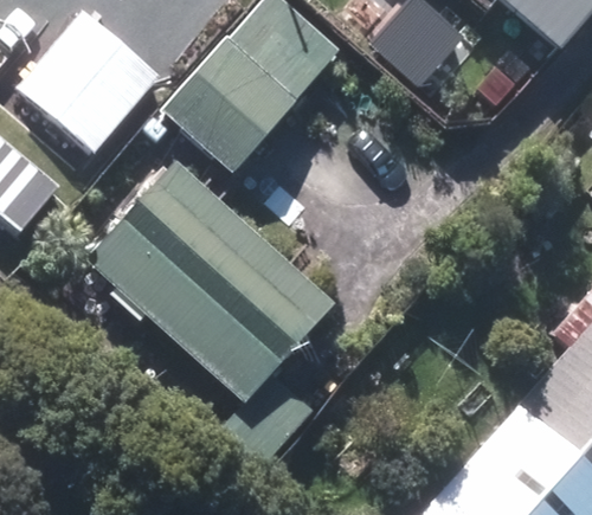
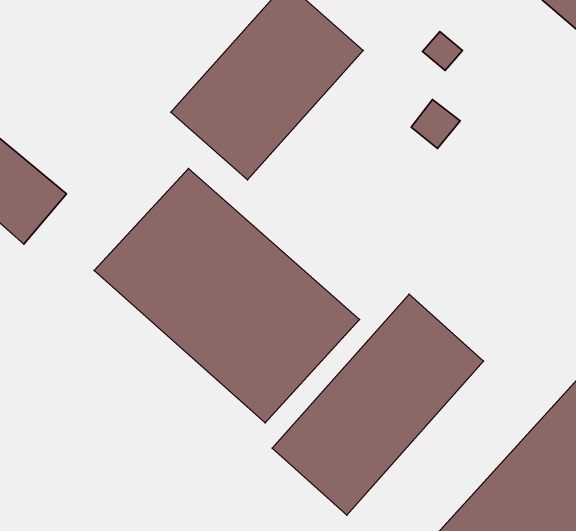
building: [17,12,159,154] -> none
building: none -> [272,294,484,515]

